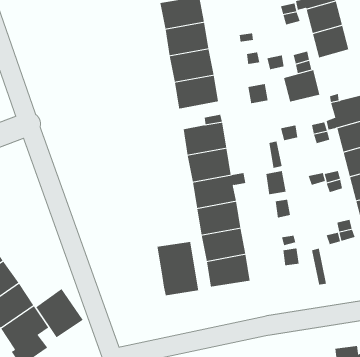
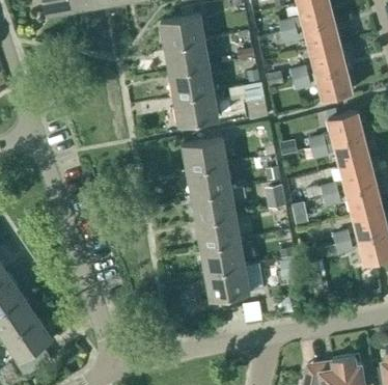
building: [283,69,320,102] -> [315,66,352,99]
building: [157,241,199,296] -> none
building: [35,288,83,338] -> none

